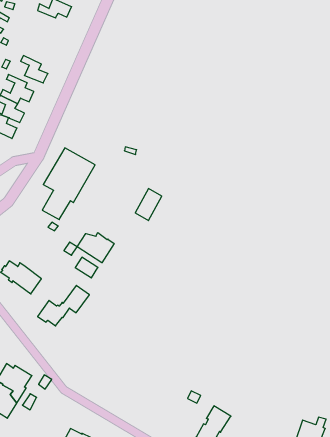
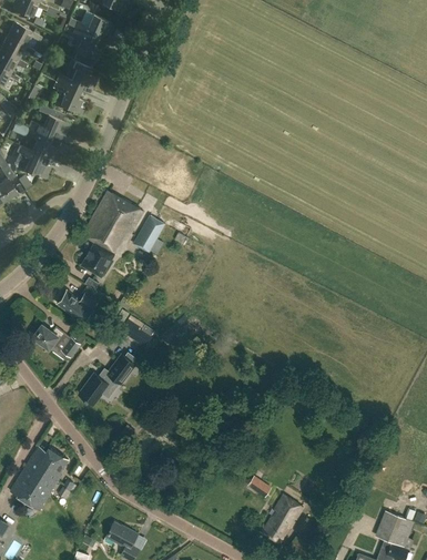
building: none -> [71,29,103,61]
building: none -> [58,59,98,92]
building: [135,189,162,221] -> [132,214,163,252]
building: [77,233,114,263] -> none
building: none -> [57,291,95,322]

